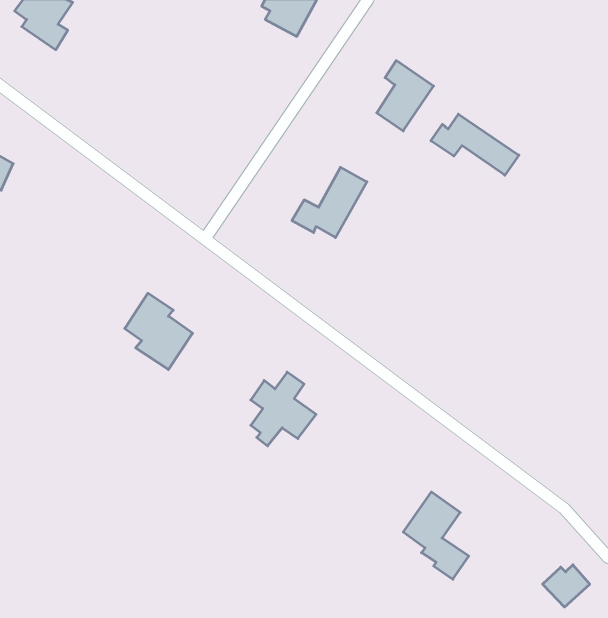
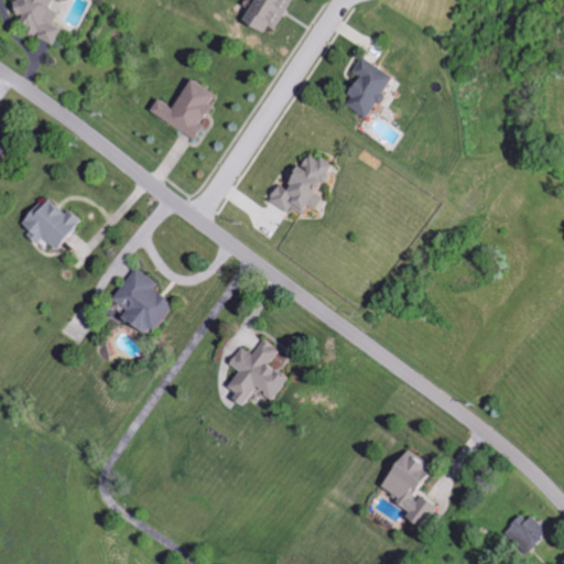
building: none -> [149,78,216,139]
building: [431,114,519,175] -> none
building: none -> [22,196,84,252]

